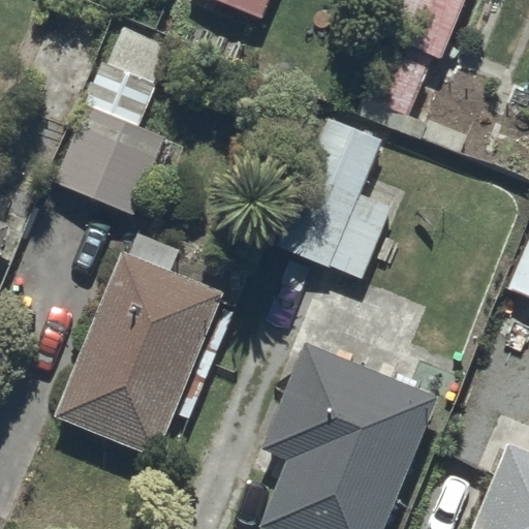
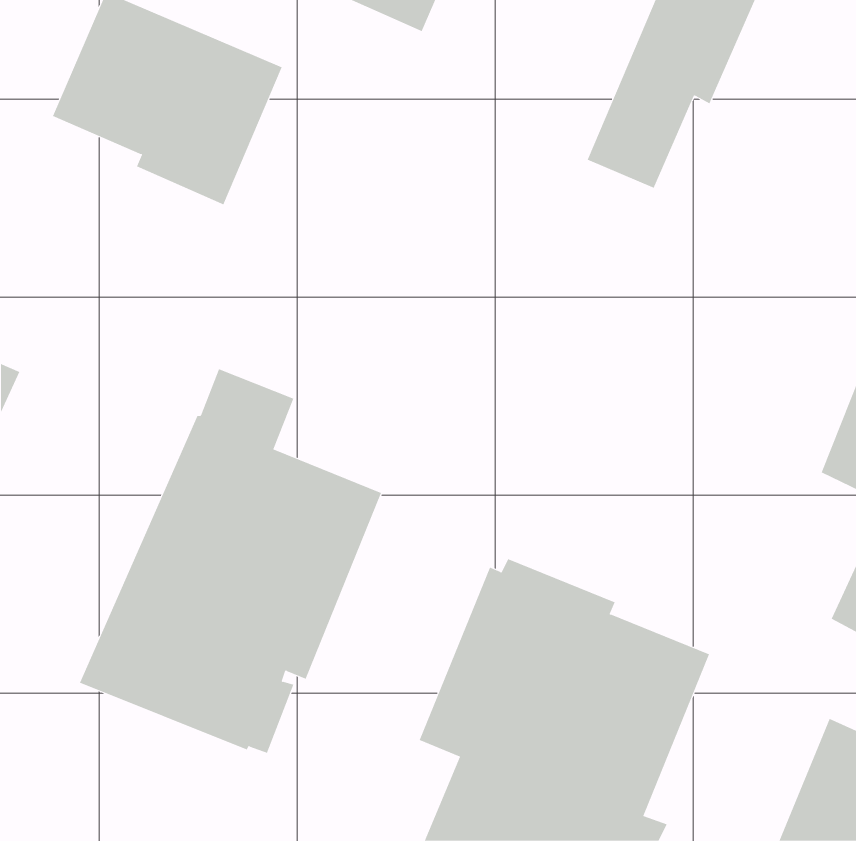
building: [280,110,390,277] -> none
building: [55,113,166,217] -> none

